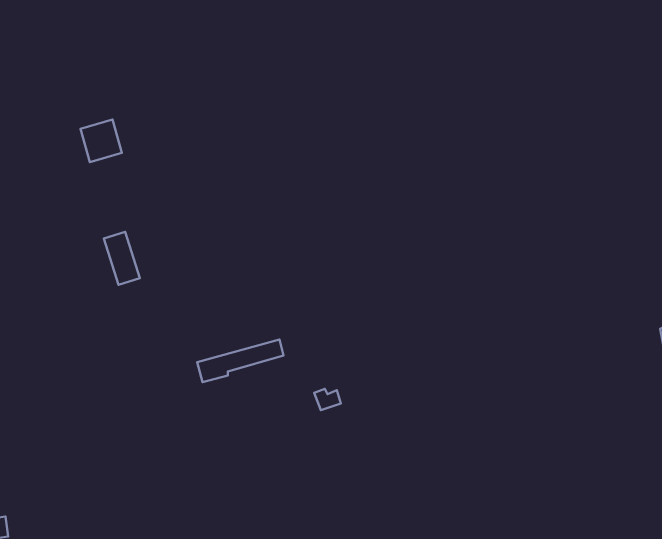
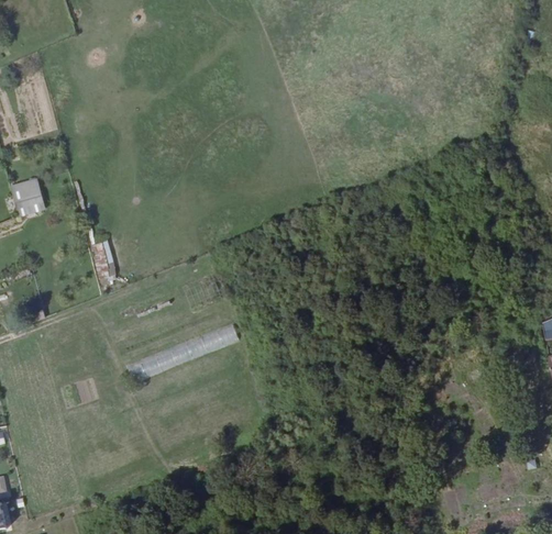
building: [81,120,122,162] -> [11,179,45,214]

